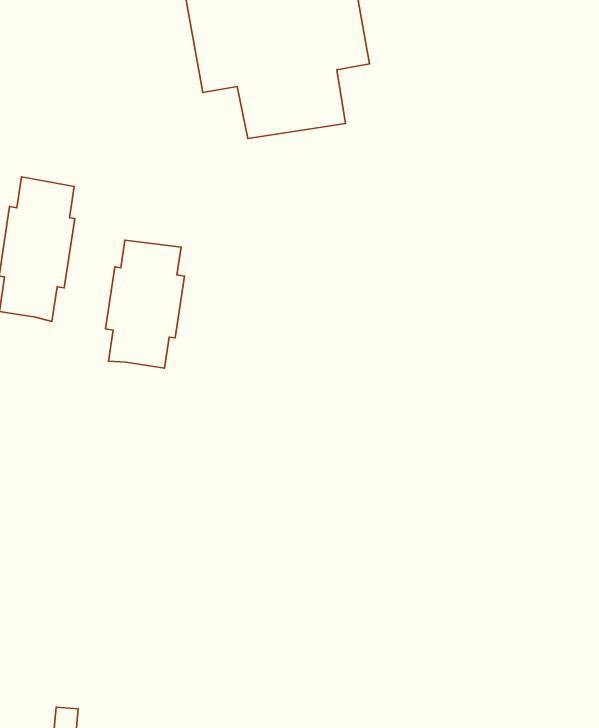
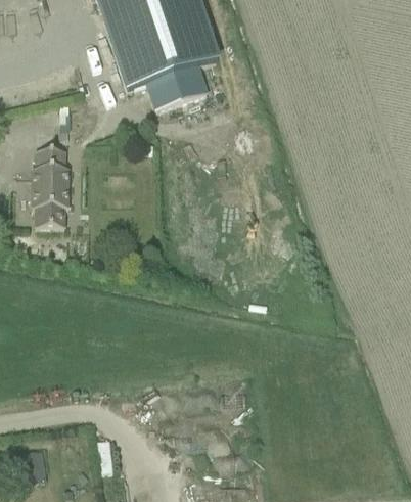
building: [105,240,185,368] -> none

